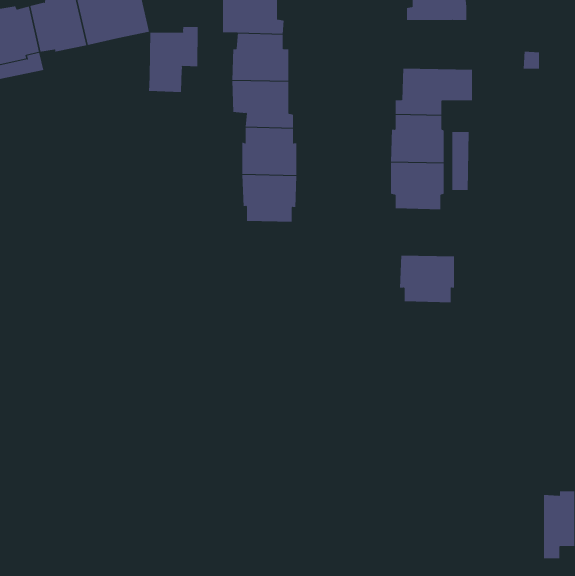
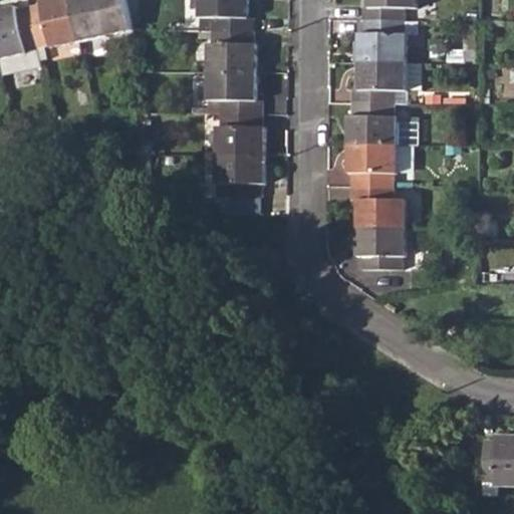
building: none -> [356,18,414,61]
building: [149,26,198,93] -> none
building: none -> [349,185,403,227]

